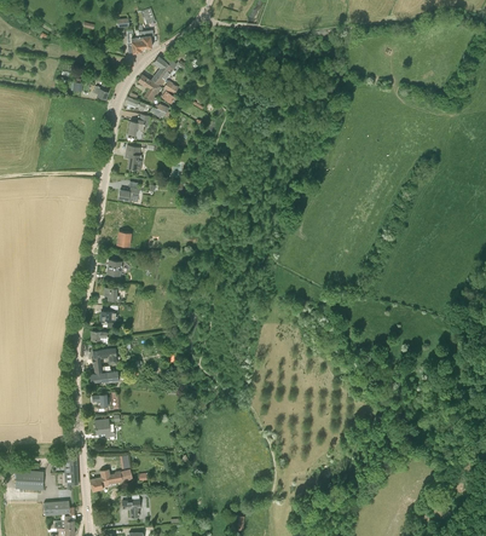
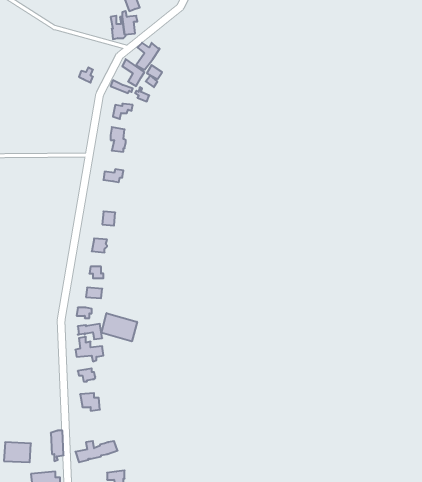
building: none -> [101,313,137,341]

